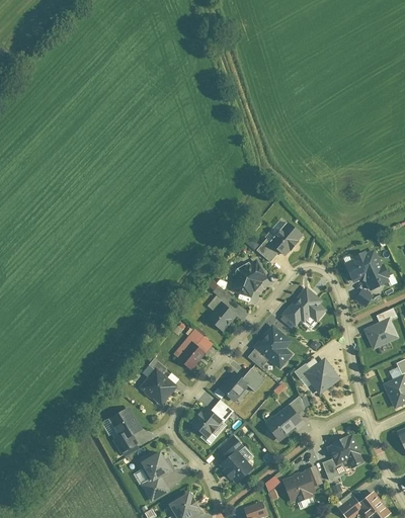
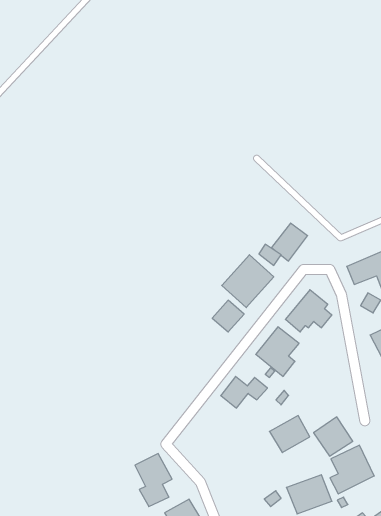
building: [182,334,210,361] -> none
building: [303,357,340,395] -> [314,417,353,456]
building: [140,365,178,404] -> none
building: [190,400,224,434] -> none
building: [109,404,141,448] -> none
building: [217,432,254,483] -> none

